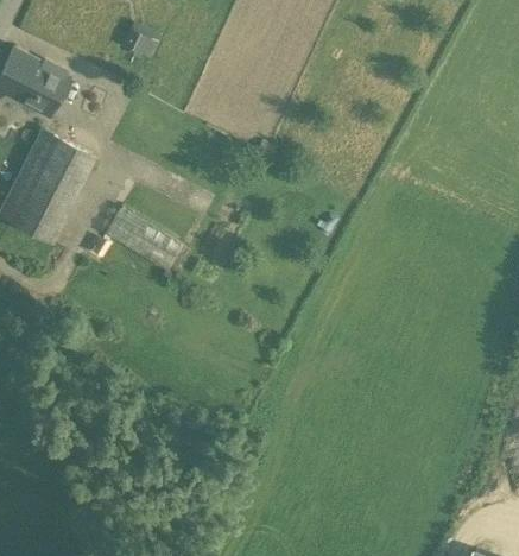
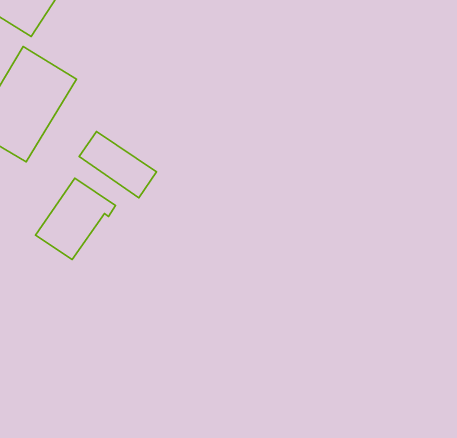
building: none -> [35,178,116,260]

